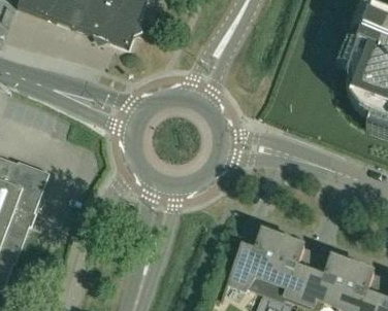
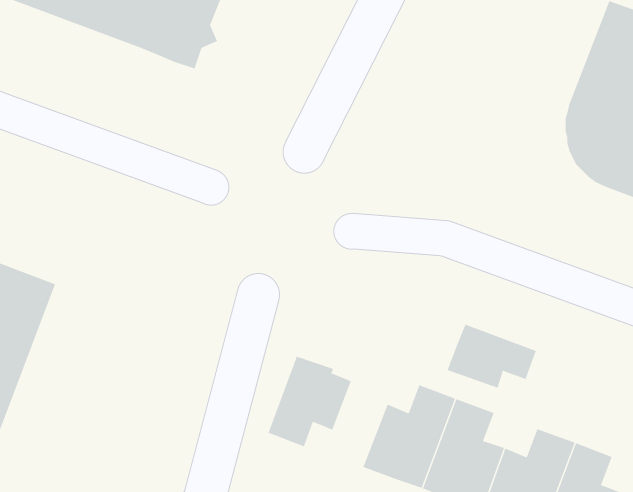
building: none -> [447,324,536,389]
building: none -> [268,356,352,447]

